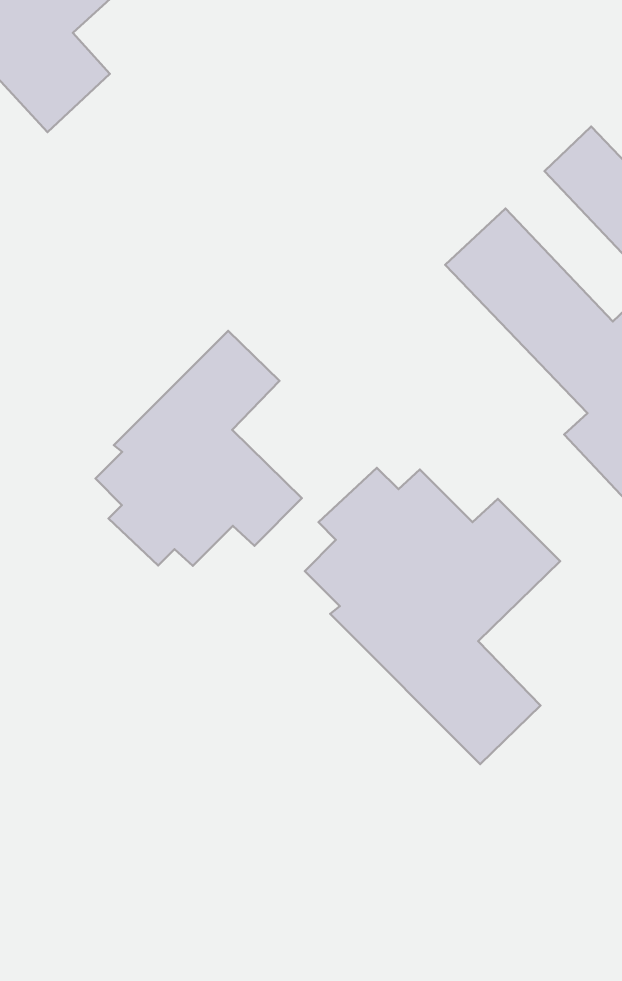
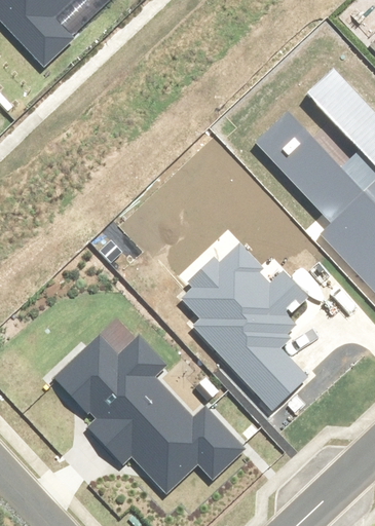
building: [95,331,302,566] -> none
building: none -> [54,336,245,492]

